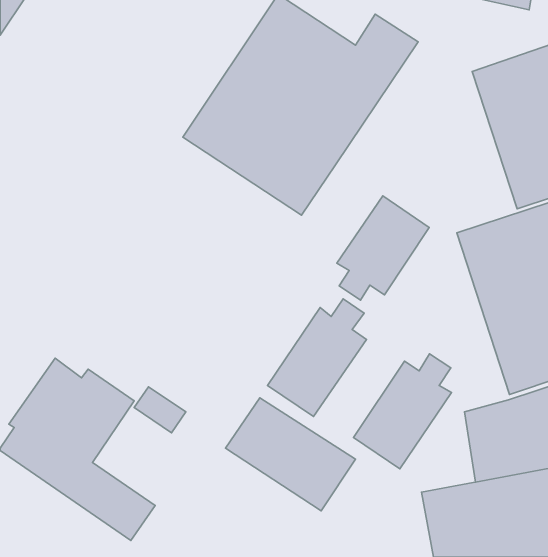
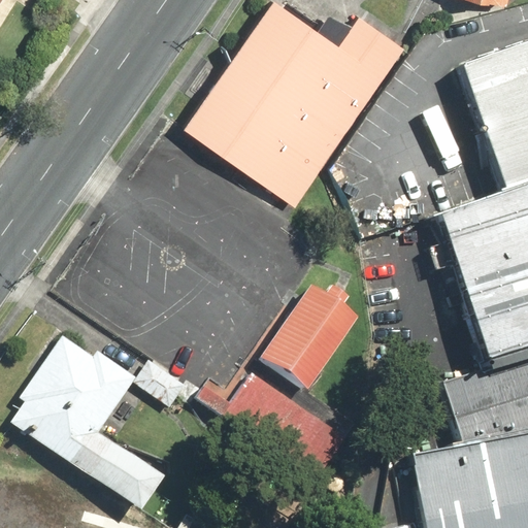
building: [337,196,429,300] -> none
building: [354,354,452,469] -> none

